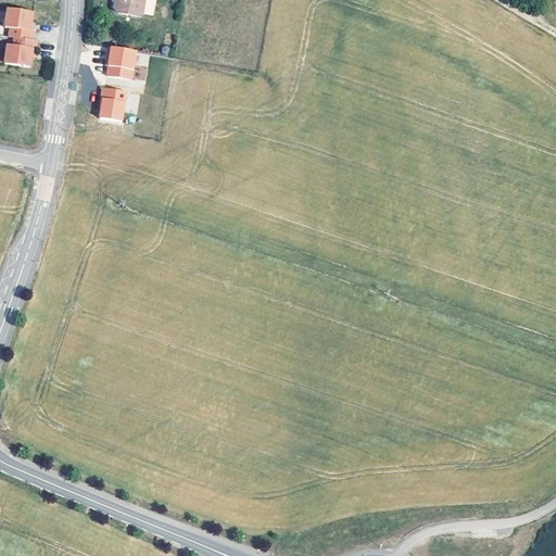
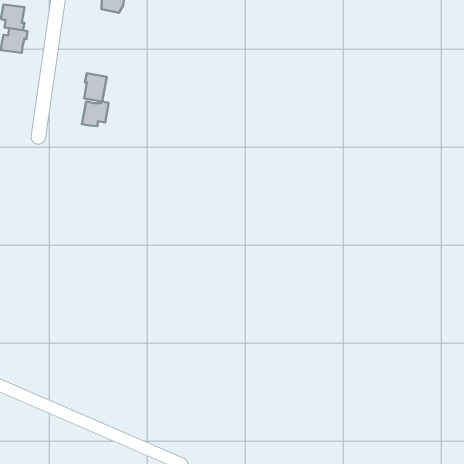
building: [108,46,138,79] -> none
building: none -> [82,101,108,126]

